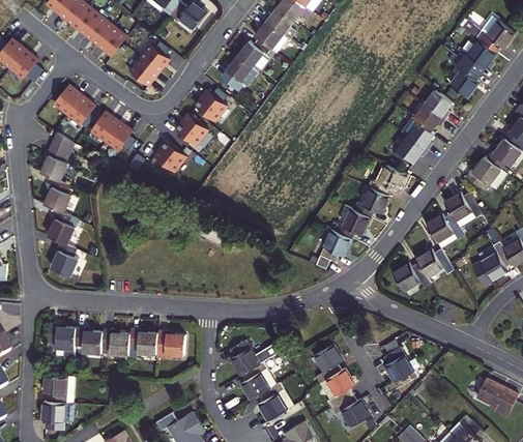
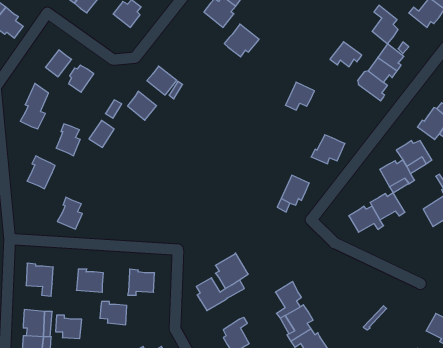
building: [221,55,258,90] -> [224,24,259,57]
building: [449,56,477,97] -> [372,5,398,44]
building: [129,57,158,85] -> none
building: [54,85,82,114] -> none
building: [196,87,227,120] -> none
building: [106,121,133,150] -> [89,120,114,147]
building: [393,136,427,163] -> [330,42,362,67]
building: [374,165,405,195] -> [285,82,314,110]
building: [45,178,70,212] -> [56,124,80,156]
building: [331,208,370,238] -> none
building: [51,241,78,275] -> [57,197,82,229]
building: [75,328,103,353] -> [56,315,82,339]
building: [128,329,157,354] -> [100,302,127,325]
building: [384,347,414,382] -> none
building: [240,361,275,400] -> [215,253,248,289]

